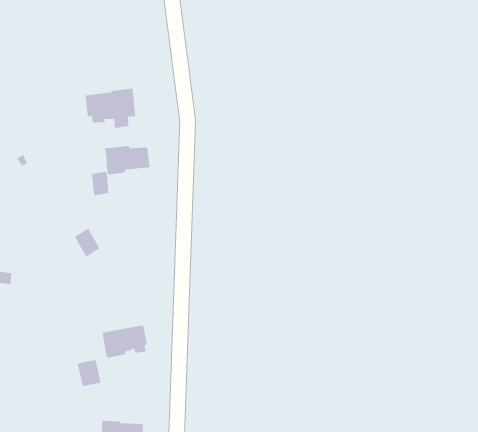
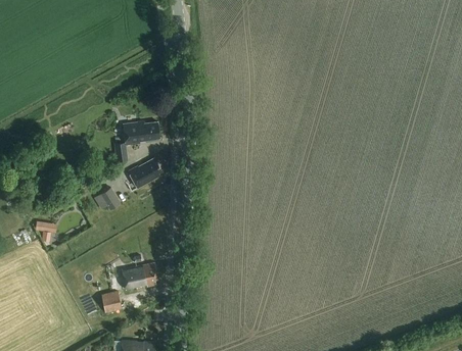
building: [85,88,136,129] -> none
building: none -> [129,157,160,187]

